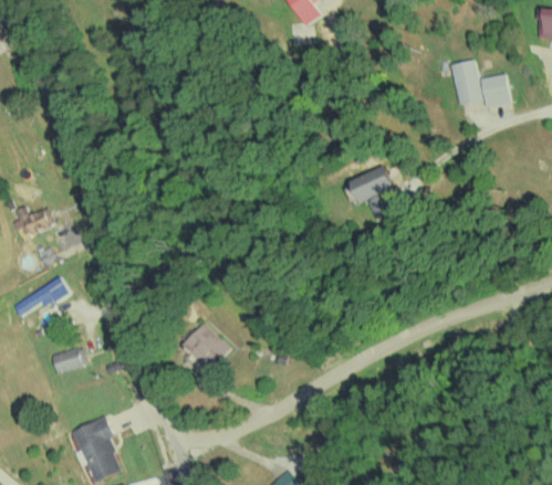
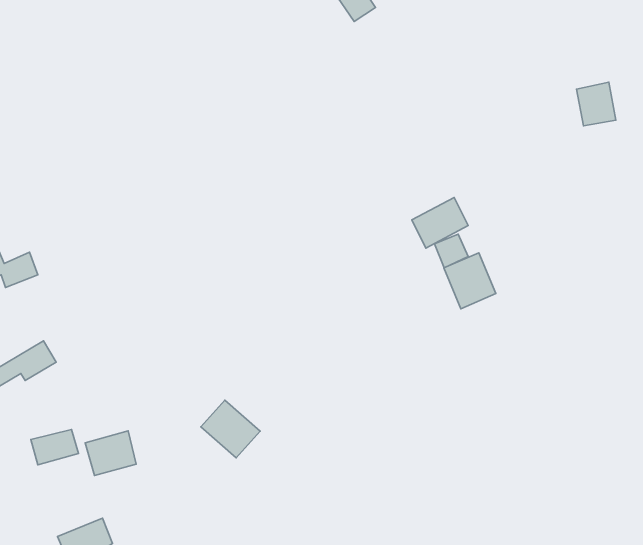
building: [450,60,482,105] -> none
building: none -> [444,253,496,309]
building: none -> [85,431,136,475]

